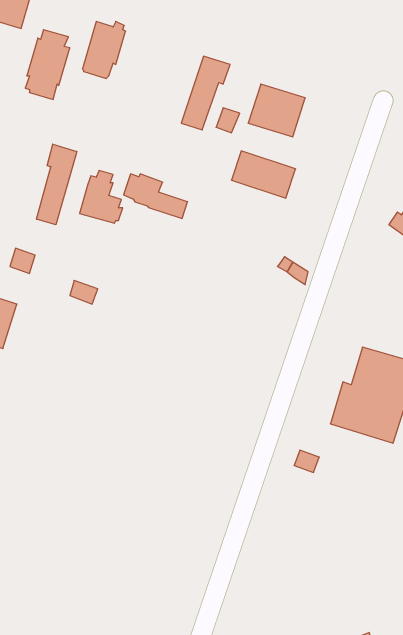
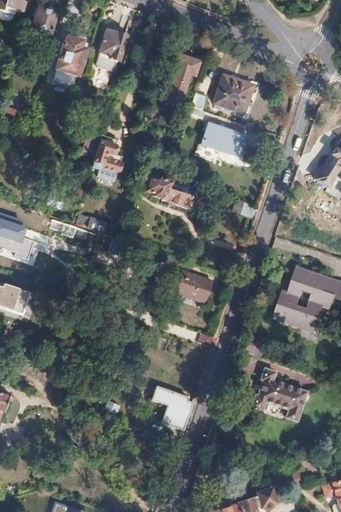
building: [37,144,77,225] -> none
building: [124,174,188,219] -> [145,176,191,208]
building: none -> [174,271,212,302]
building: none -> [252,368,307,419]
building: none -> [162,389,192,429]

